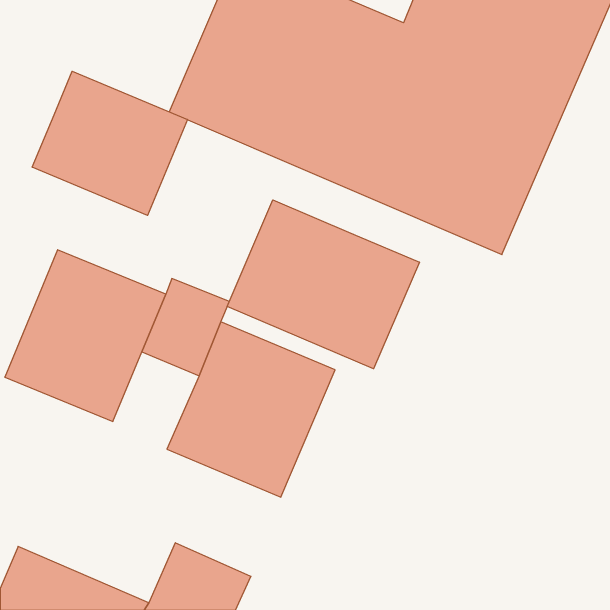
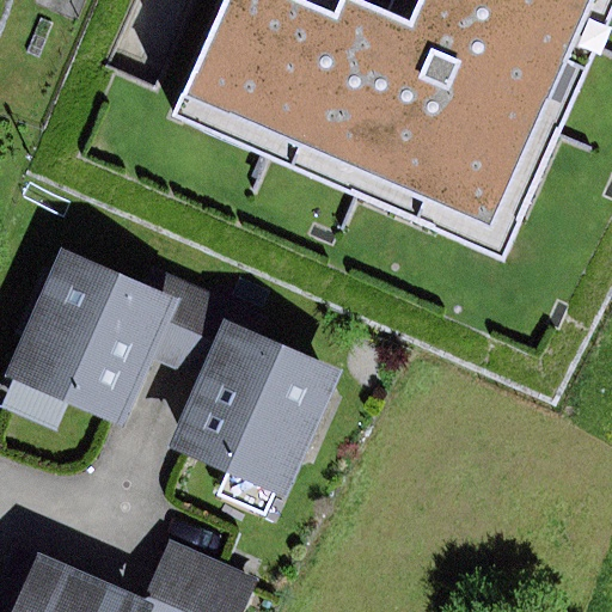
building: [32,71,187,215] -> none
building: [227,200,419,369] -> none

